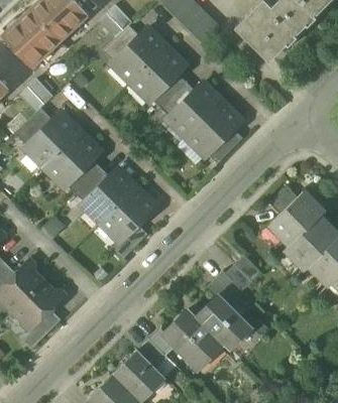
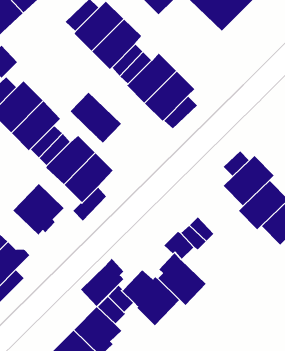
building: none -> [70,92,122,143]
building: none -> [13,183,65,236]
building: none -> [80,258,124,307]

